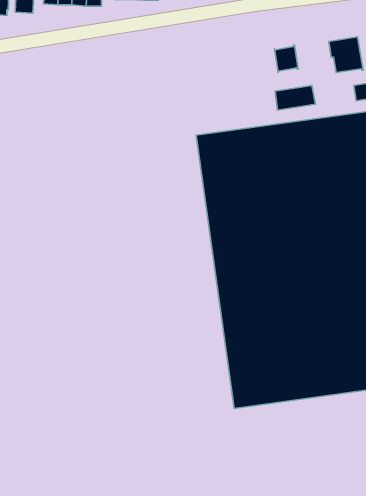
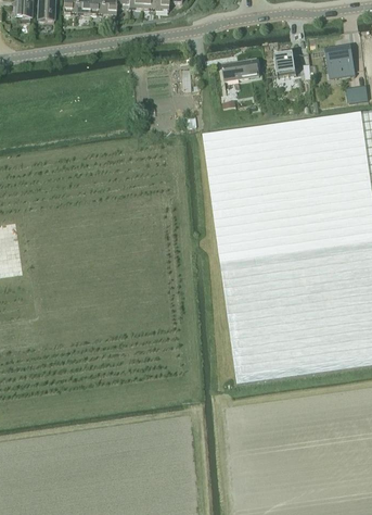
building: [275,85,315,110] -> [222,58,259,80]

